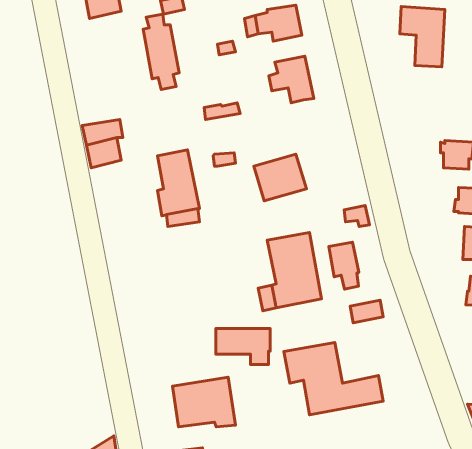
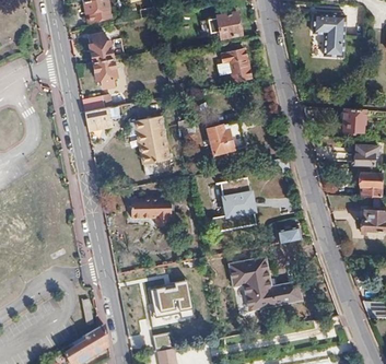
building: [143,14,179,90] -> [89,34,115,89]
building: [329,242,359,289] -> none
building: [216,328,270,365] -> [131,199,171,225]

